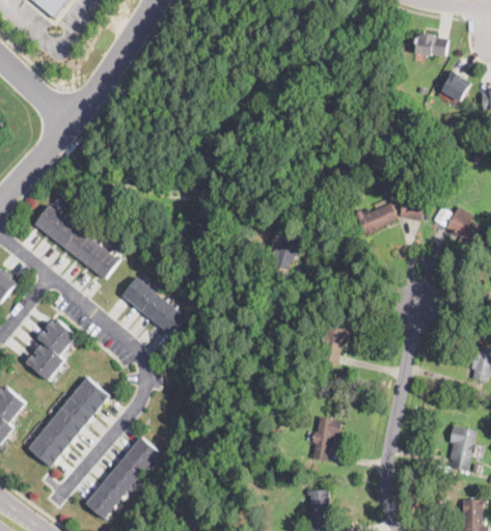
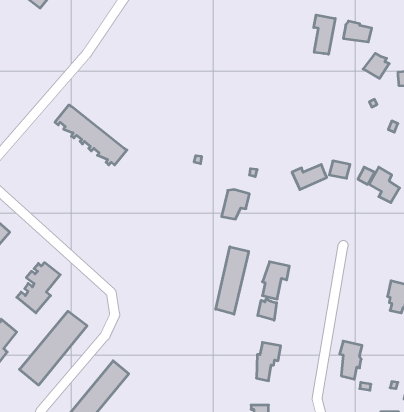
building: none -> [314,15,335,54]
building: [33,205,119,277] -> [55,105,127,165]
building: [121,277,185,334] -> none
building: none -> [216,247,249,314]
building: none -> [258,299,277,320]
building: [448,424,475,470] -> [340,341,362,379]

